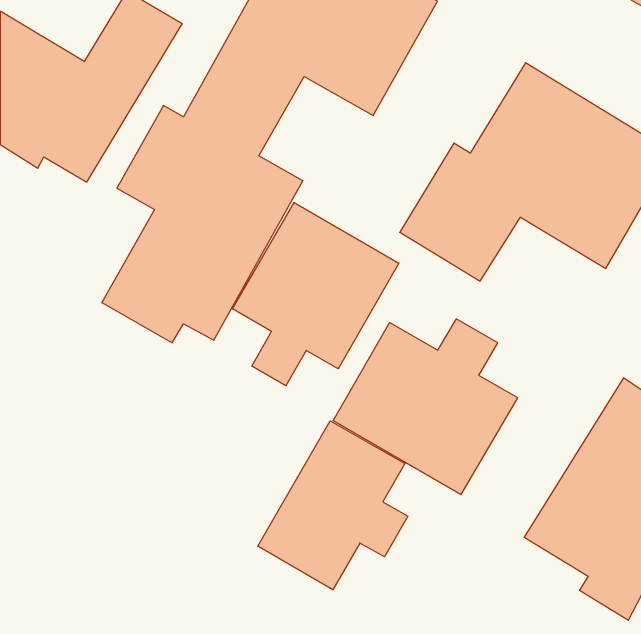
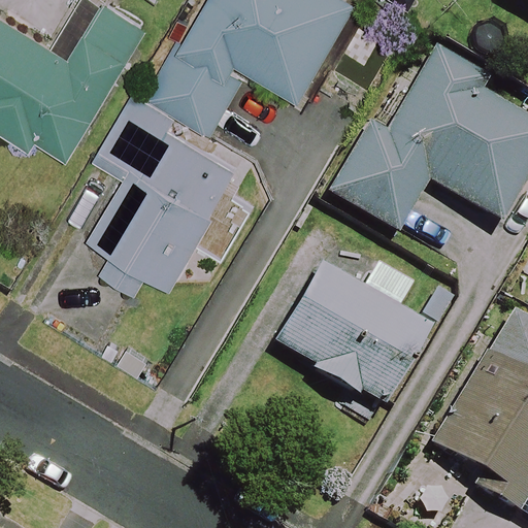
building: [232,203,399,386] -> none
building: [258,421,408,590] -> none

